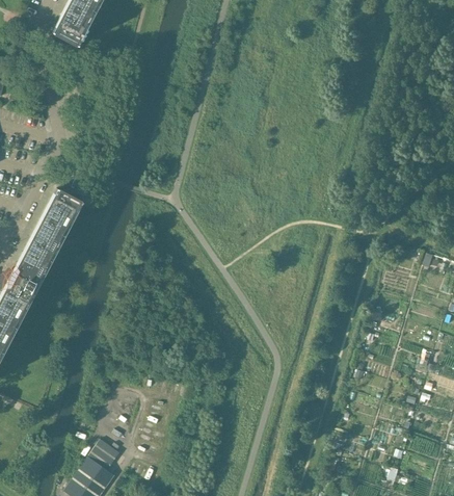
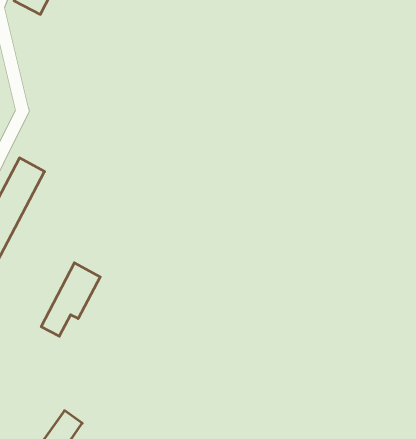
building: none -> [41,263,100,336]

